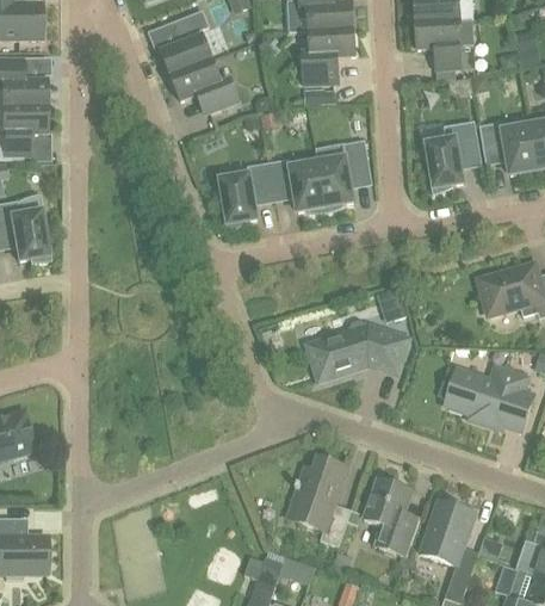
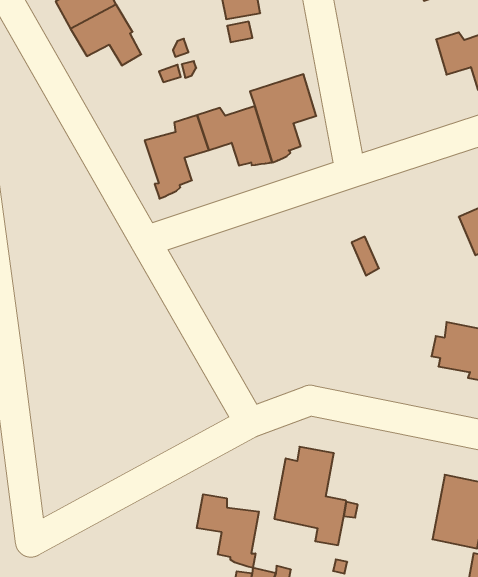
building: [427,120,479,192] -> none
building: [306,319,409,381] -> none
building: [363,477,419,555] -> none
building: none -> [197,494,259,568]

